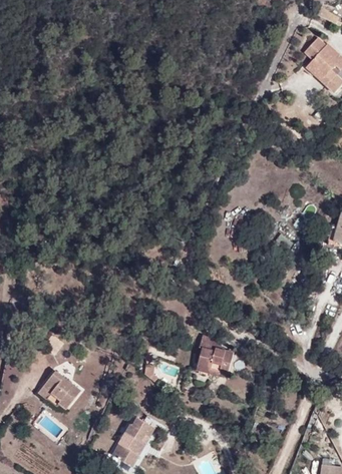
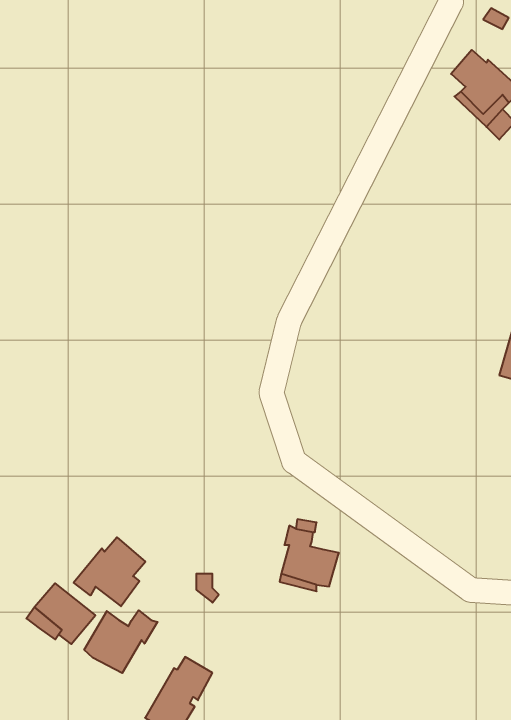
building: none -> [74,537,145,606]
building: none -> [84,610,158,673]

